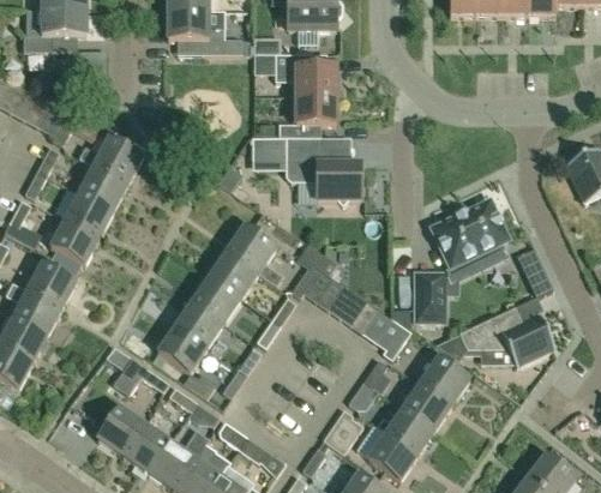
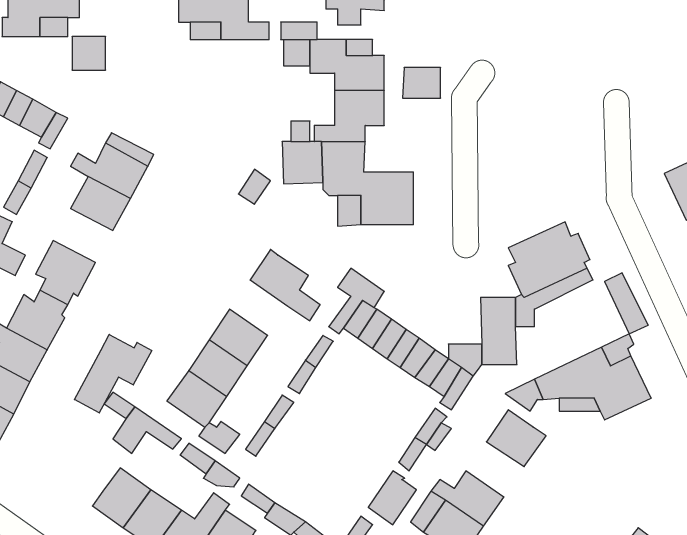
building: [319,138,350,163] -> [403,68,441,98]
building: [64,193,113,238] -> none
building: [209,252,257,297] -> none
building: none -> [74,334,152,413]
building: [403,385,451,431] -> none

